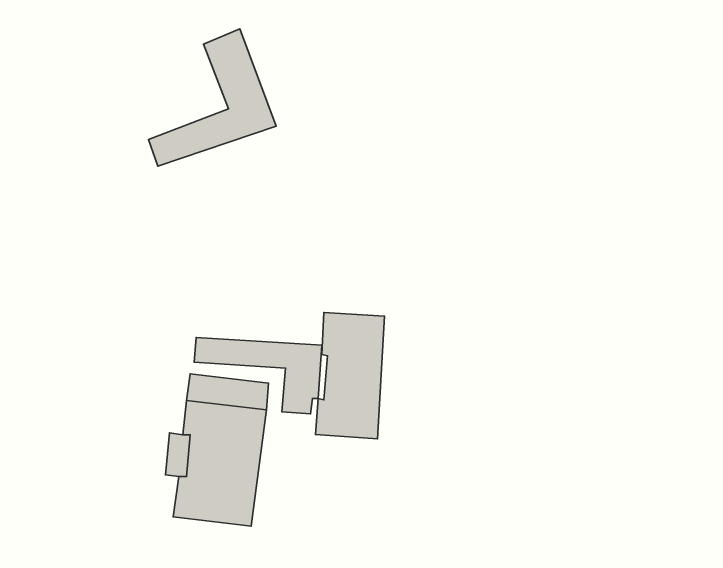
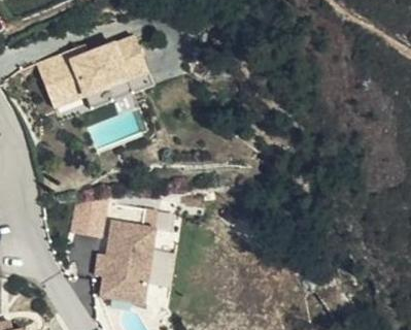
building: none -> [37,43,129,106]
building: [315,312,385,439] -> none

